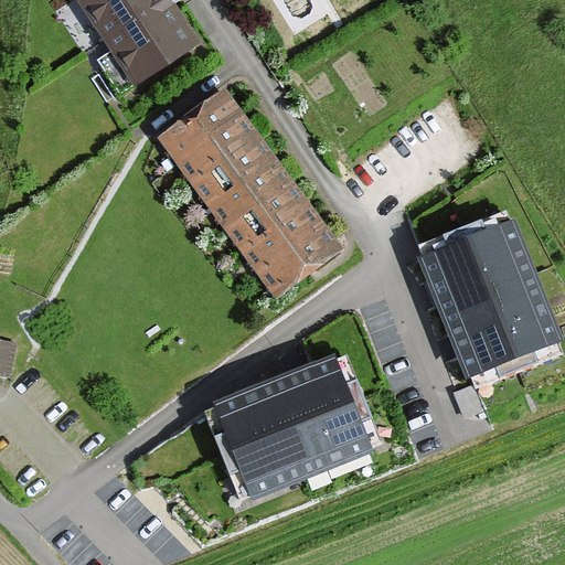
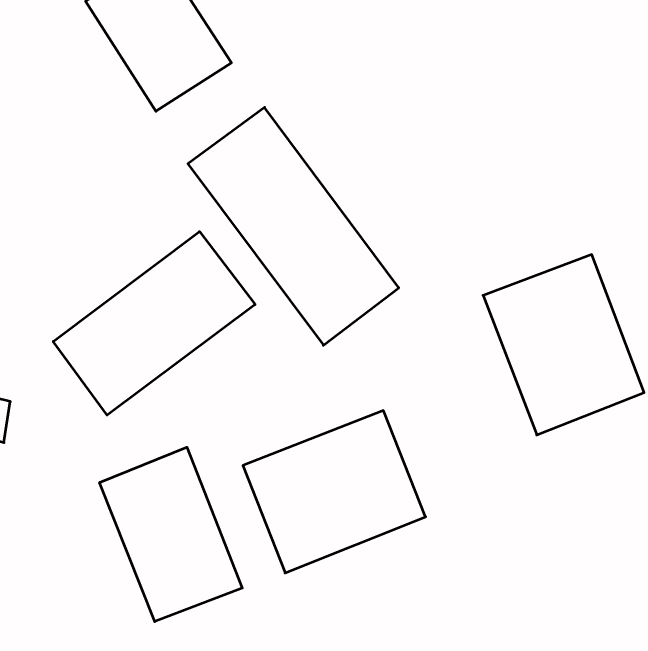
building: none -> [53,232,255,415]
building: none -> [100,447,242,622]

